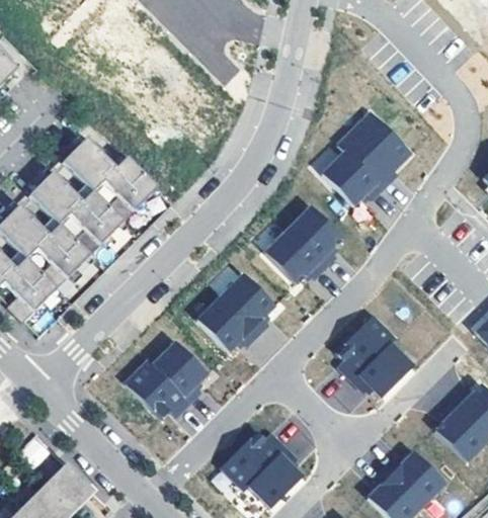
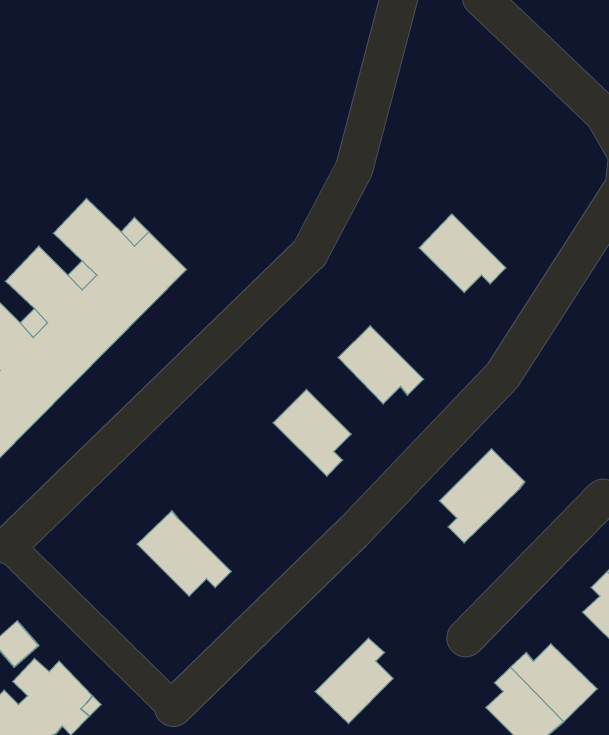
building: [336,110,411,188] -> none
building: [287,205,341,266] -> none
building: [196,296,256,351] -> none
building: [152,341,206,401] -> none
building: [352,343,413,397] -> none
building: [221,430,286,490] -> none

